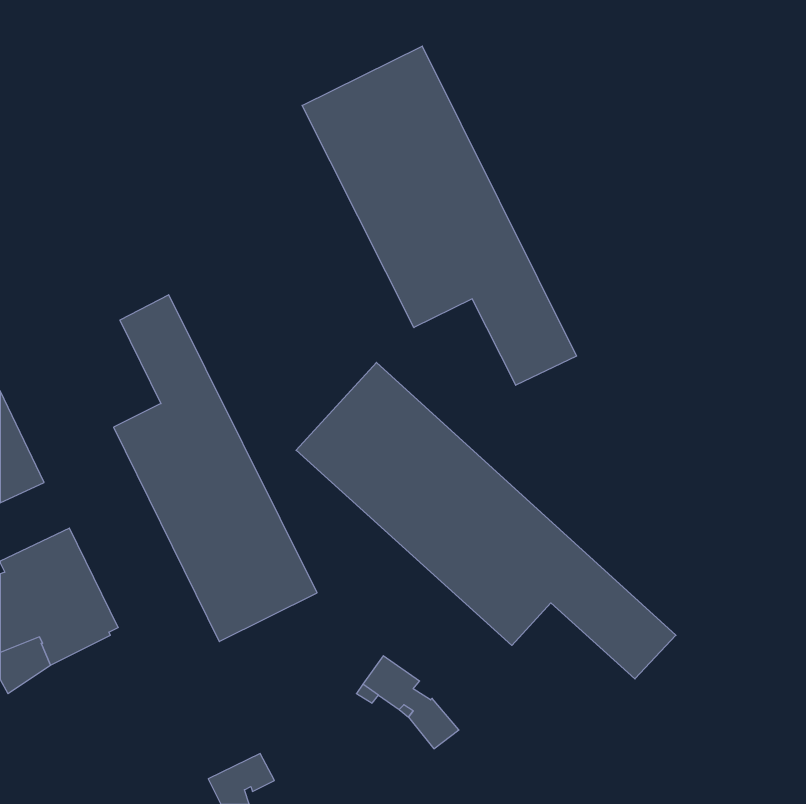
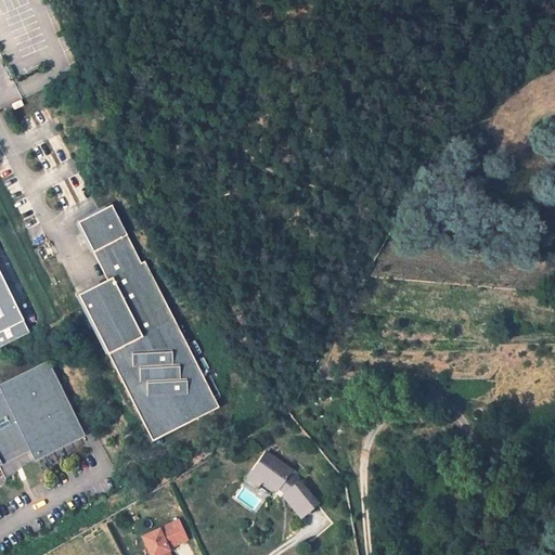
building: [302,46,576,385] -> none
building: [296,362,676,679] -> none

